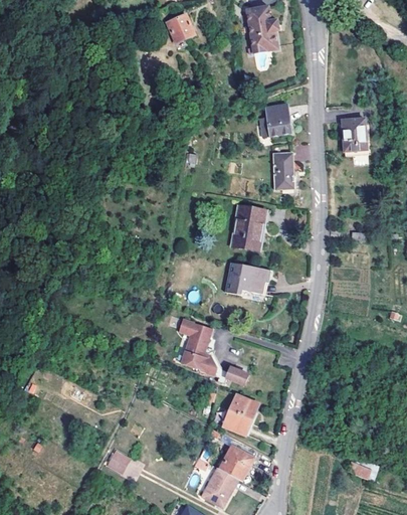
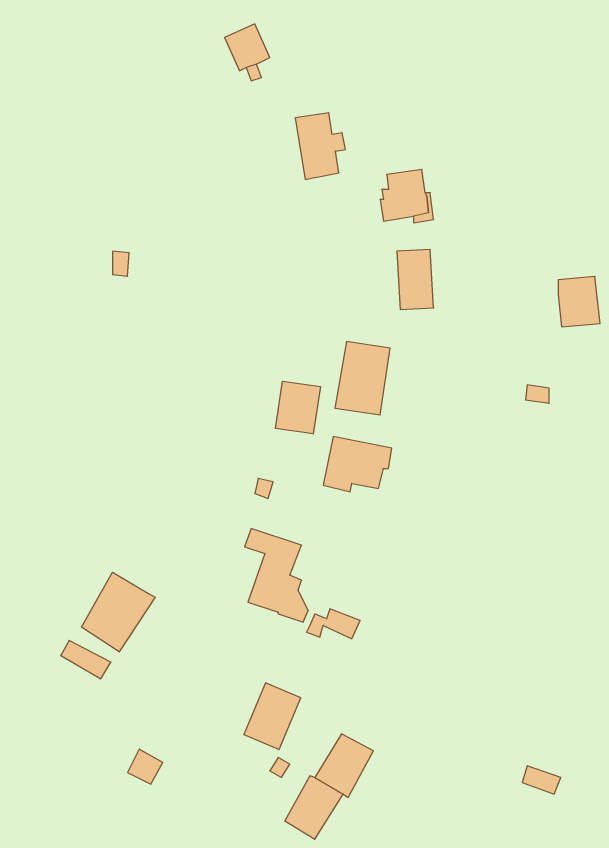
building: [246,7,276,47] -> [295,113,345,179]
building: [340,119,365,149] -> [558,277,600,327]
building: none -> [276,381,320,434]
building: none -> [81,572,155,652]
building: [224,395,258,436] -> [244,683,301,750]

